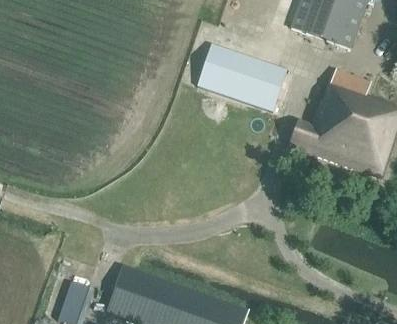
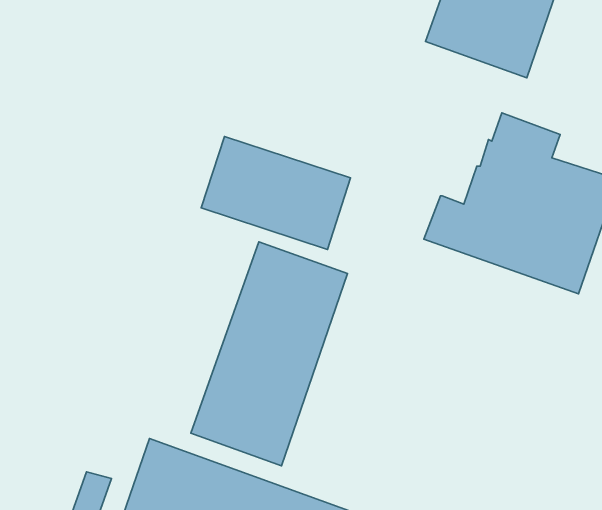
building: [194,42,284,110] -> [201,136,351,249]
building: none -> [191,242,348,466]

